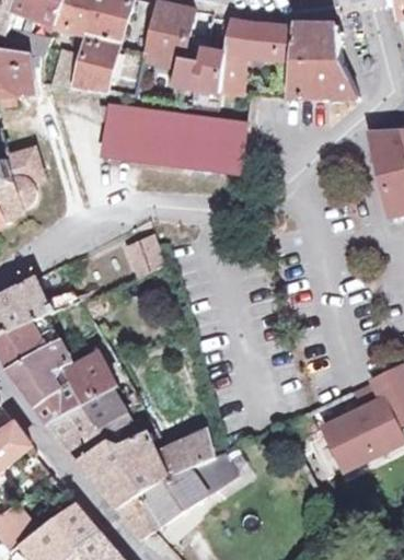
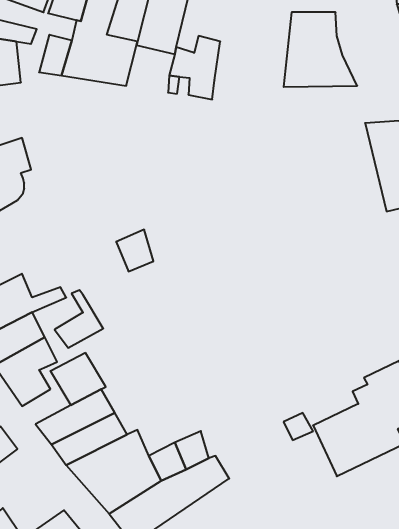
building: [220,20,278,94] -> none
building: [102,105,244,173] -> none
building: [34,368,81,423] -> [55,290,103,348]

